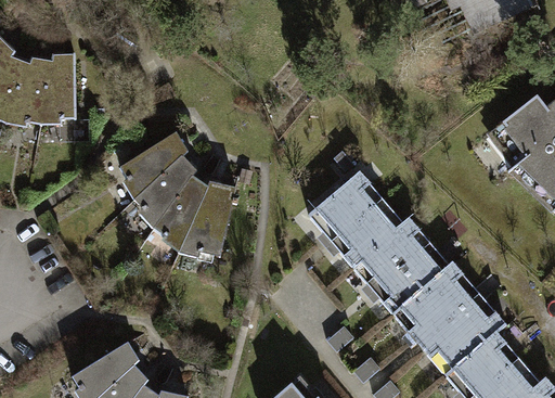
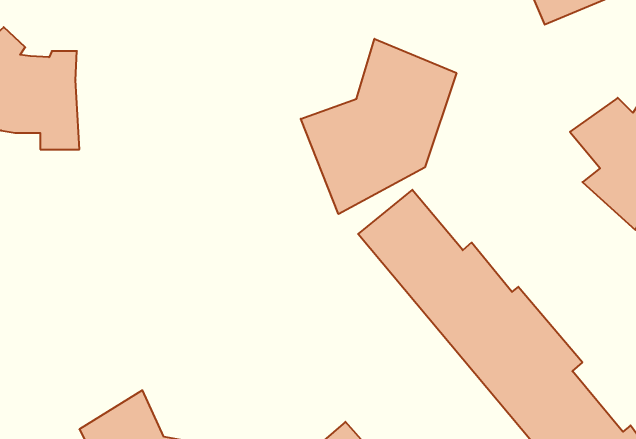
building: none -> [301,39,456,214]
building: [111,132,237,265] -> none

